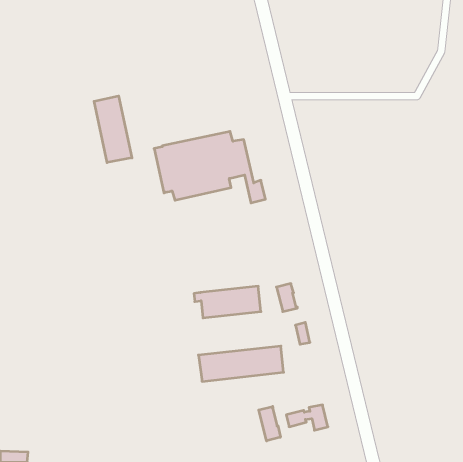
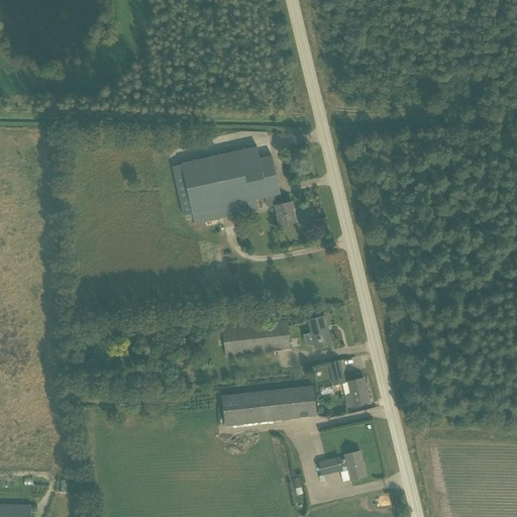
building: [94,96,132,163] -> none
building: none -> [345,378,370,407]
building: [259,406,280,441] -> none

